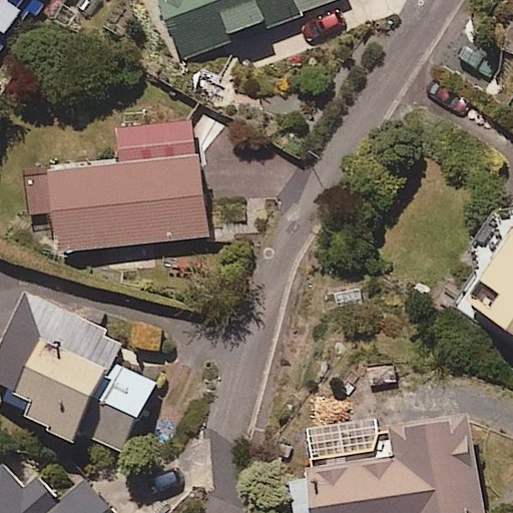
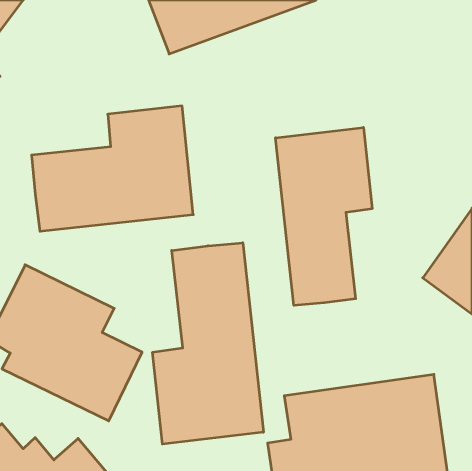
building: none -> [276,127,372,305]
building: none -> [153,243,263,444]

